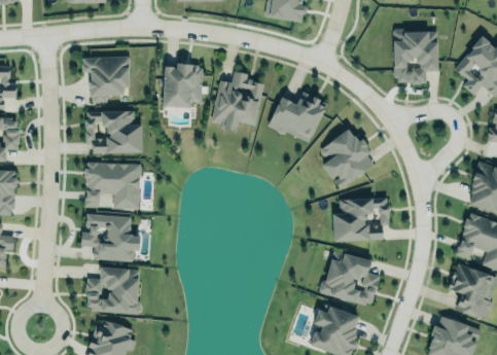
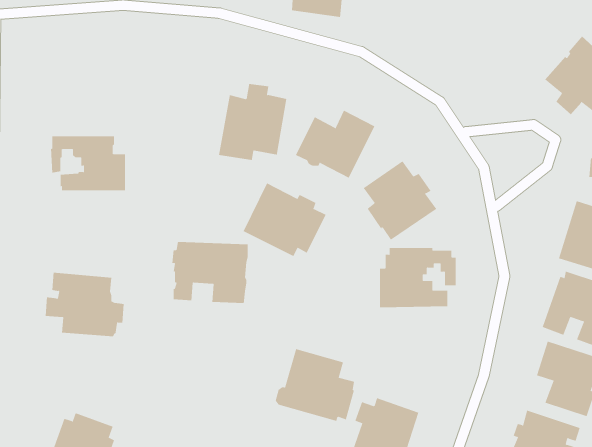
building: [393,30,437,83] -> none
building: [81,56,129,102] -> none
building: [164,62,204,107] -> none
building: none -> [243,183,326,257]
building: [84,162,142,208] -> [172,242,249,304]
building: [320,250,380,305] -> [275,348,355,421]
building: [86,267,141,314] -> none

